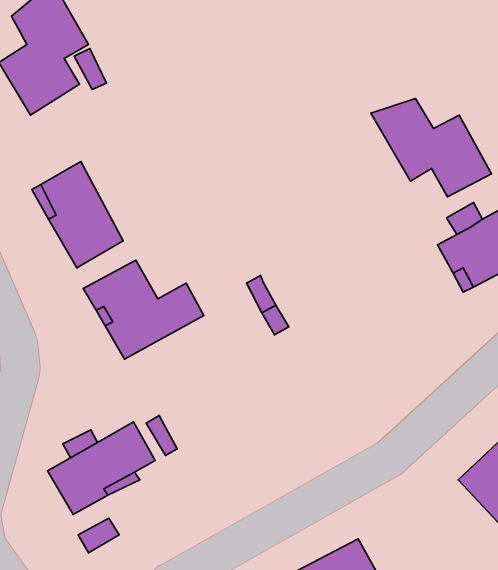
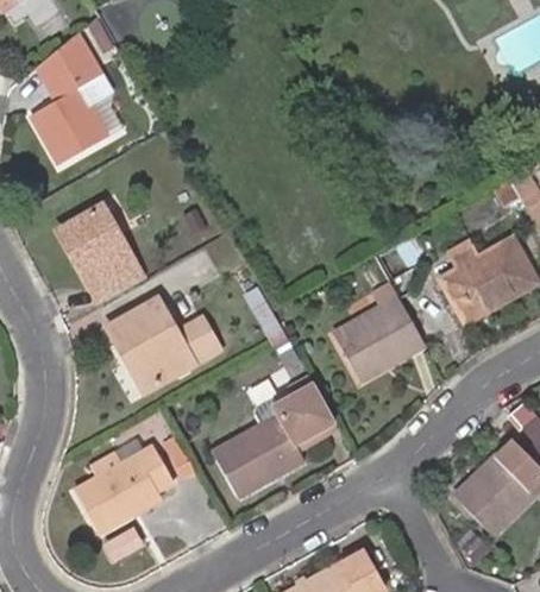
building: [371,99,492,197] -> none
building: none -> [329,285,422,382]
building: none -> [213,385,333,496]

